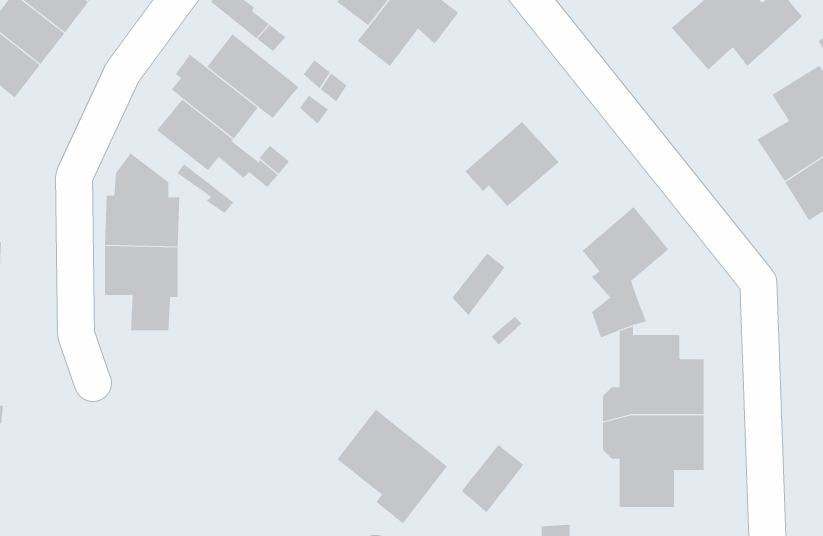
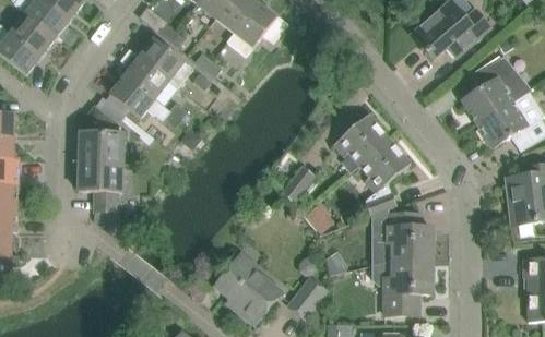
building: [465,121,559,207] -> [334,115,390,165]

